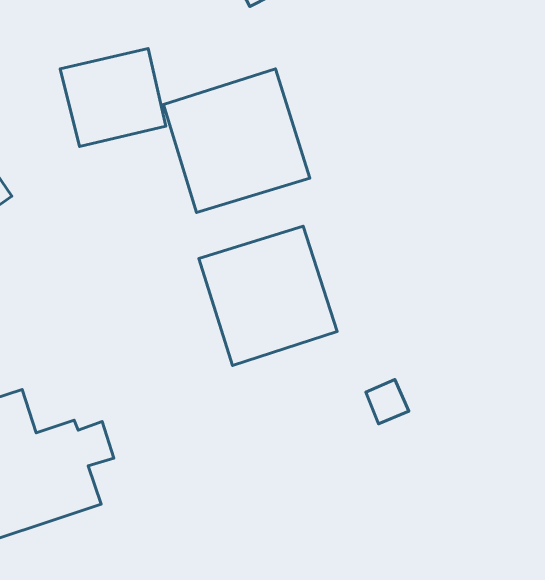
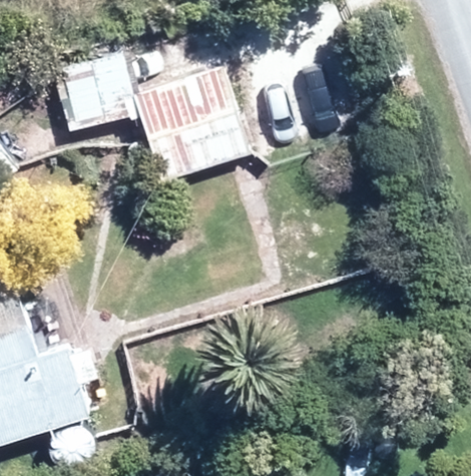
building: [199,226,337,365] -> none

